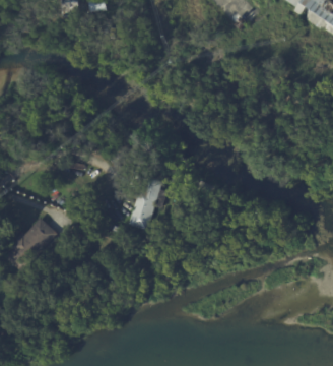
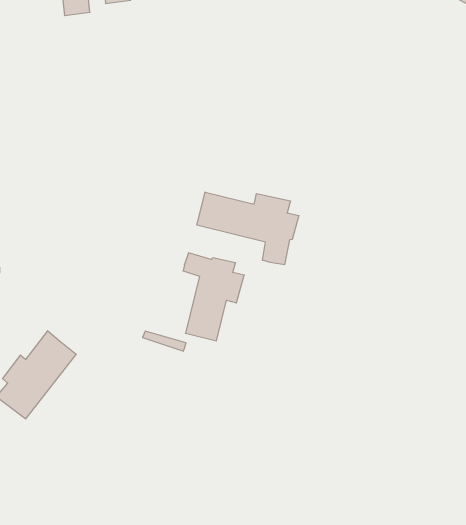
building: none -> [197,192,299,265]

